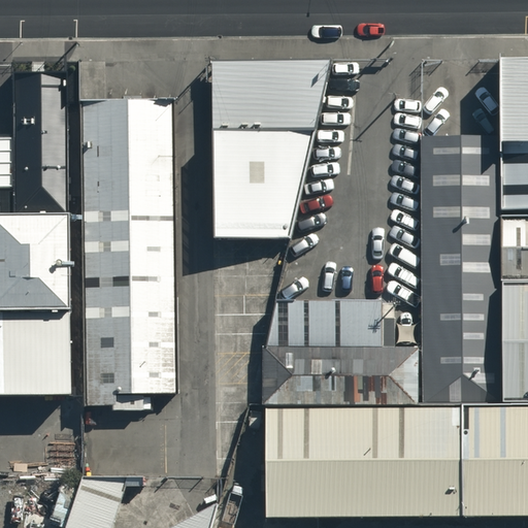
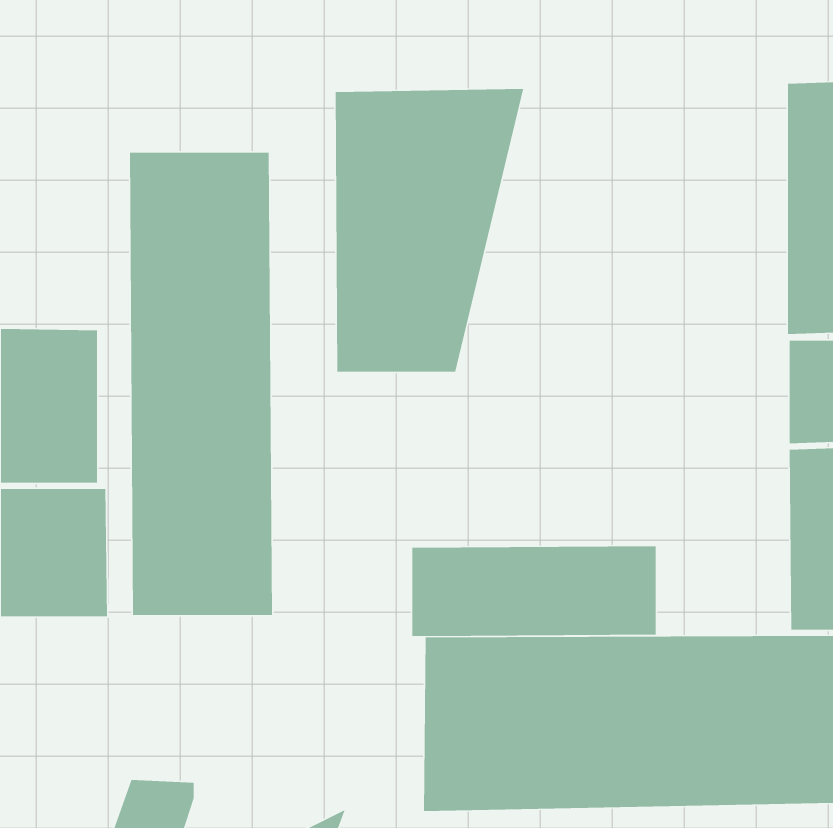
building: [11,70,65,206] -> none
building: [417,141,496,404] -> none
building: [280,301,384,346] -> none

